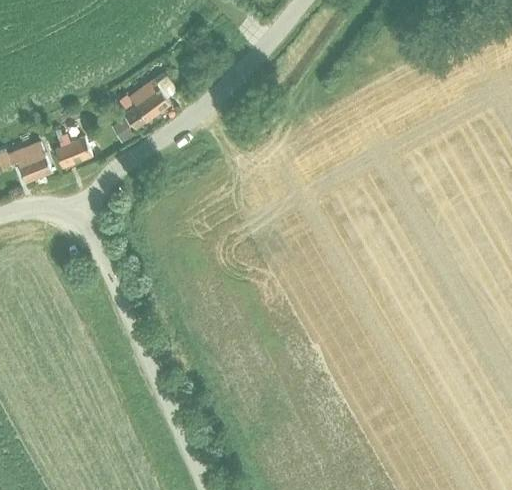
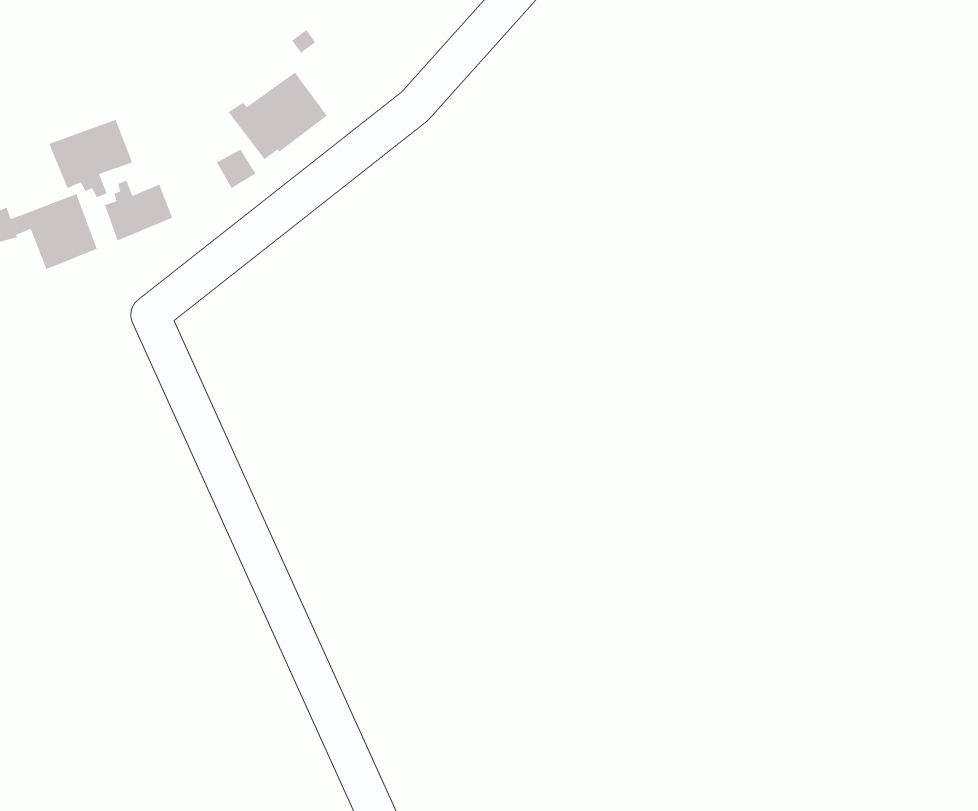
building: none -> [48,119,133,198]

